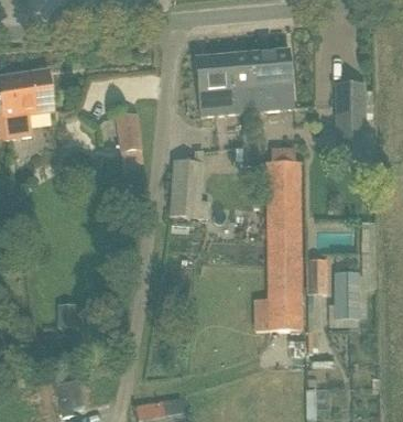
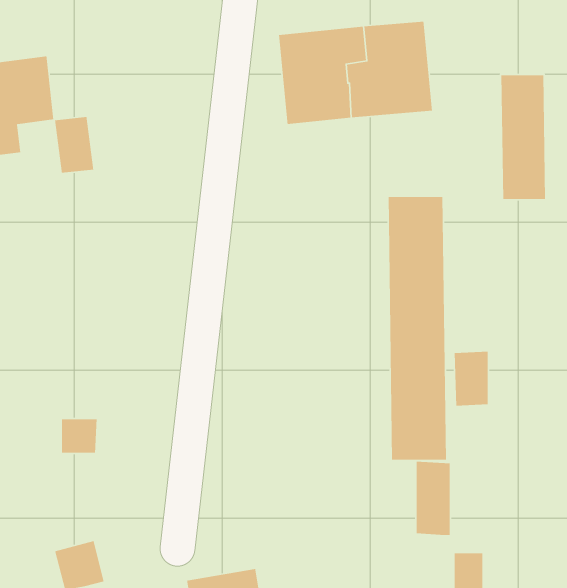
building: [117,112,142,149] -> [54,116,94,174]
building: [171,160,210,215] -> none
building: [337,268,359,315] -> [416,461,450,536]

